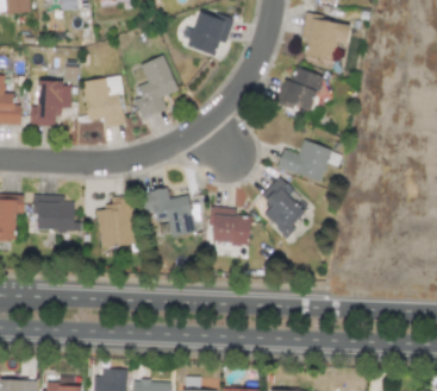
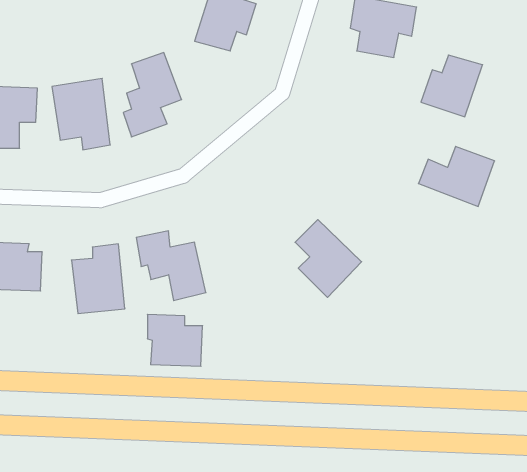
building: [276,68,321,113] -> [421,55,483,117]
building: [276,139,332,183] -> [418,146,495,206]
building: [210,207,250,245] -> [147,314,203,366]

